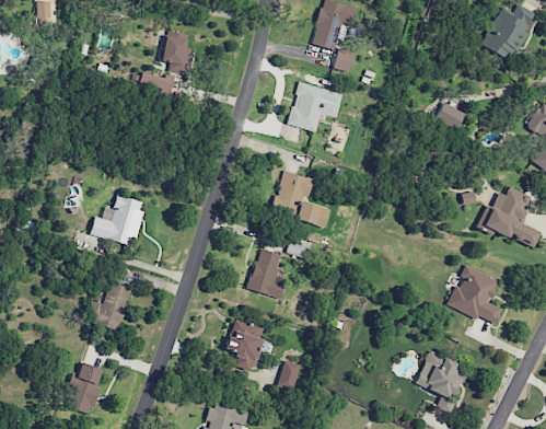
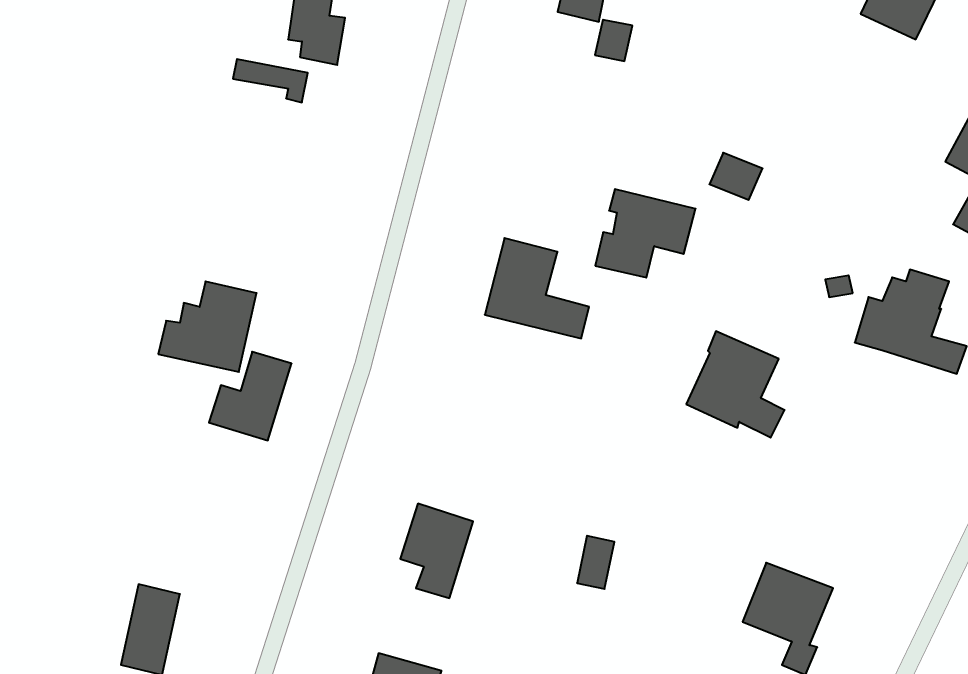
building: [288,82,344,131] -> [595,189,696,278]
building: [435,103,465,129] -> [709,153,763,200]
building: [247,248,284,299] -> none
building: [449,265,503,324] -> [686,331,785,438]
building: [86,282,132,332] -> [209,352,292,440]
building: [279,361,300,391] -> [577,536,614,589]

